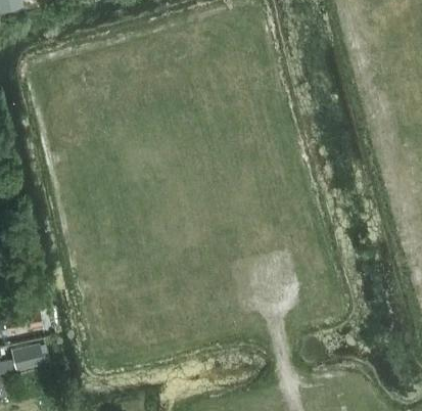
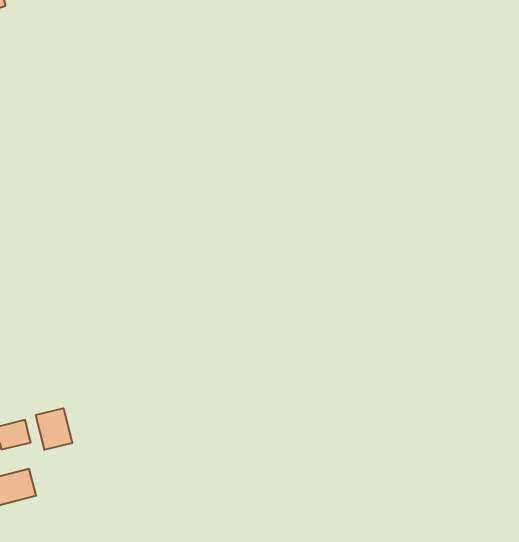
building: none -> [36,408,72,450]

